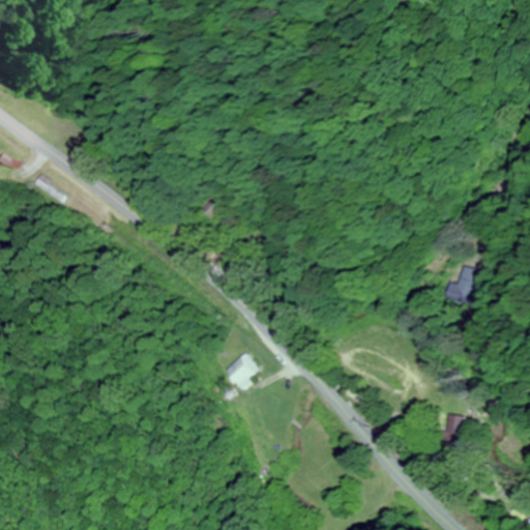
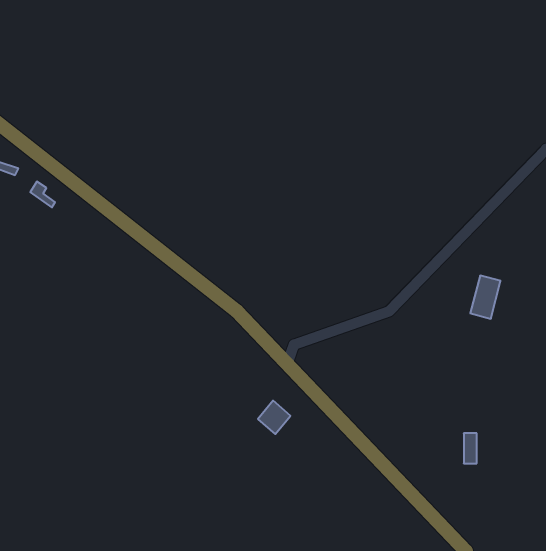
building: [224,355,255,387] -> [258,401,290,434]

